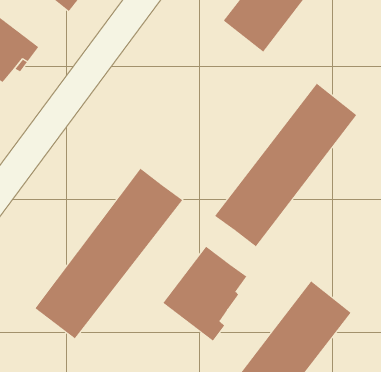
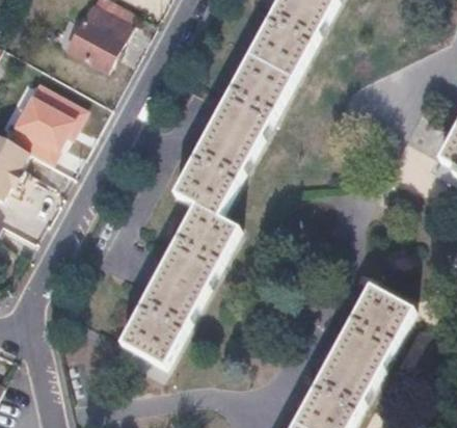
building: [214,83,357,247] -> [173,55,292,217]
building: [163,246,247,341] -> none

